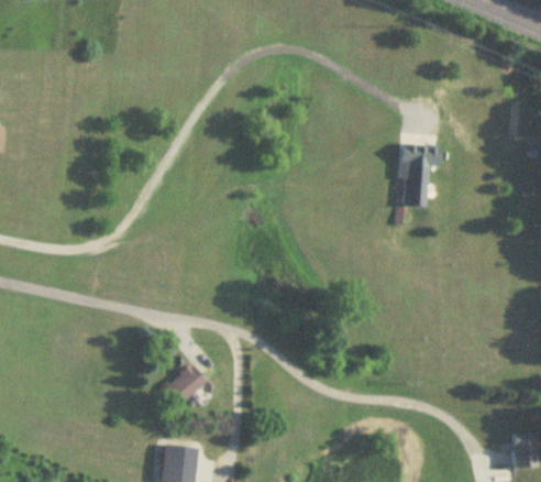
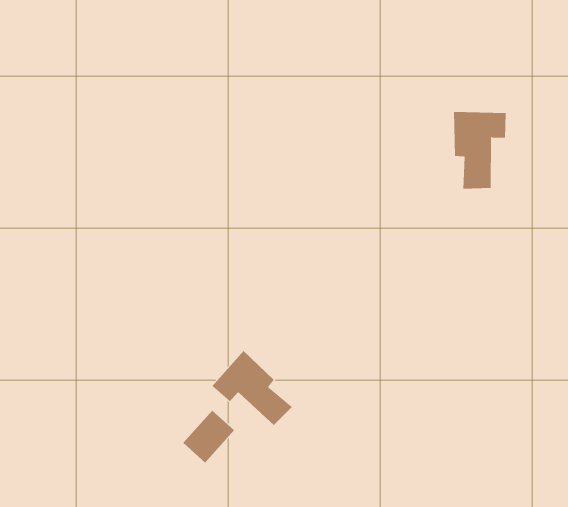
building: none -> [212,350,293,426]

